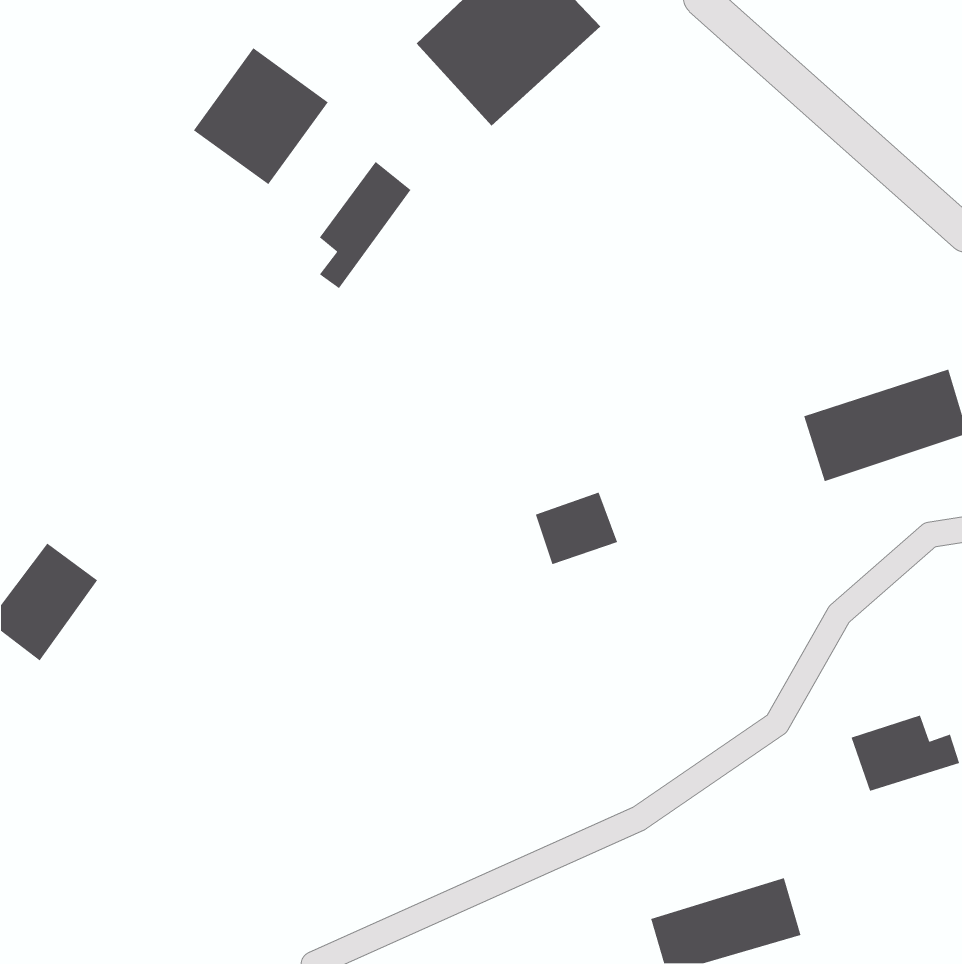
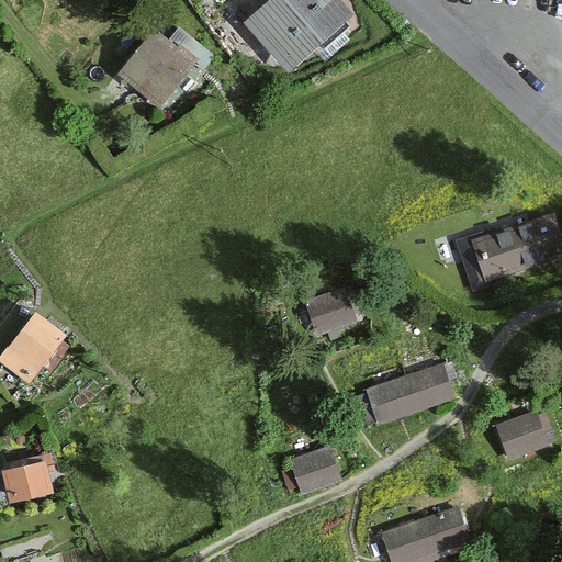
building: [319,161,412,289] -> none
building: none -> [371,361,464,423]
building: none -> [285,446,339,486]
building: none -> [9,456,57,502]

